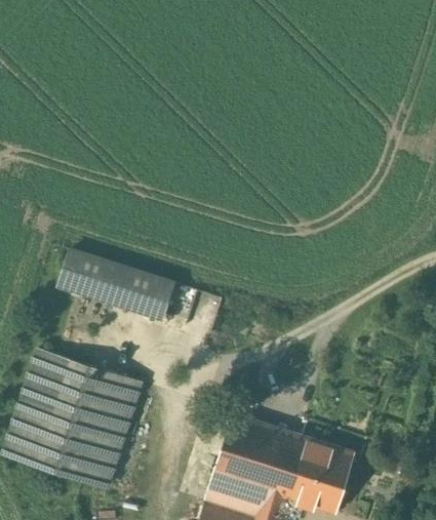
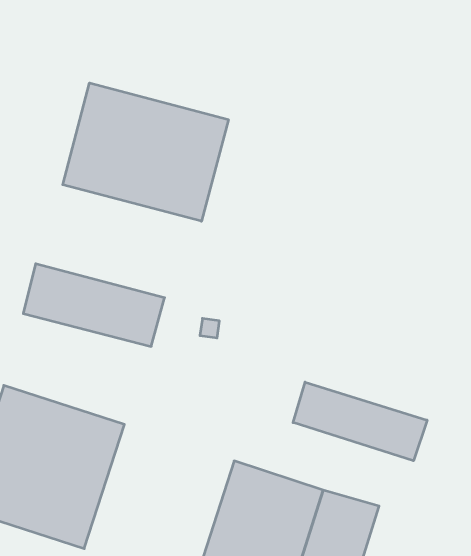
building: none -> [63,83,228,221]
building: none -> [293,382,427,461]

